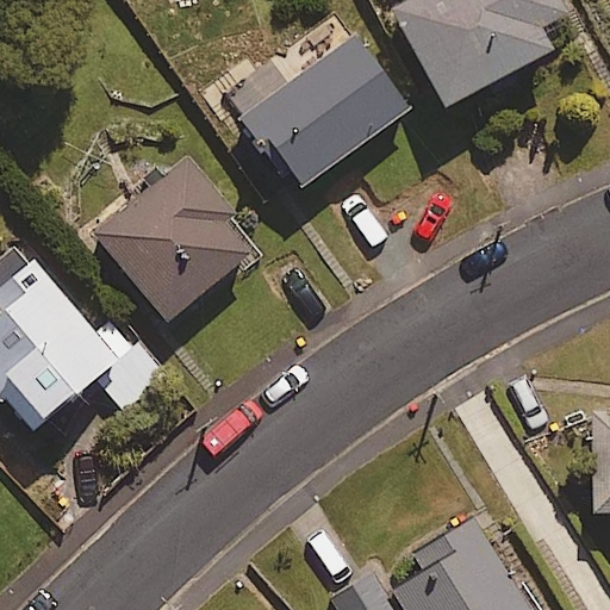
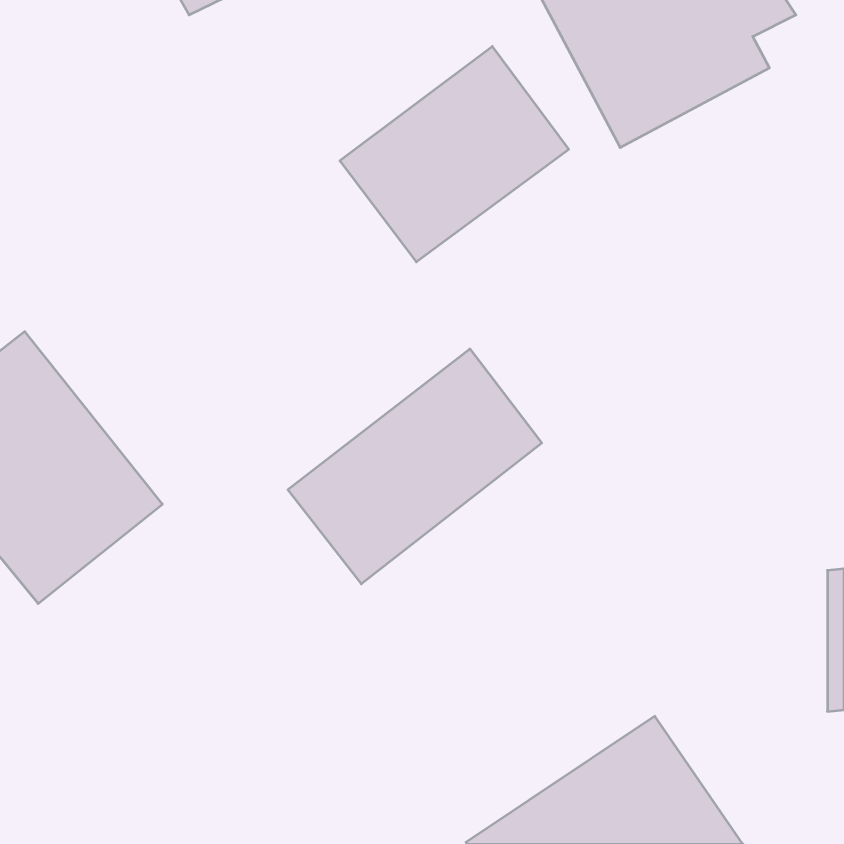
building: [95,160,255,320] -> none
building: none -> [288,349,542,584]

